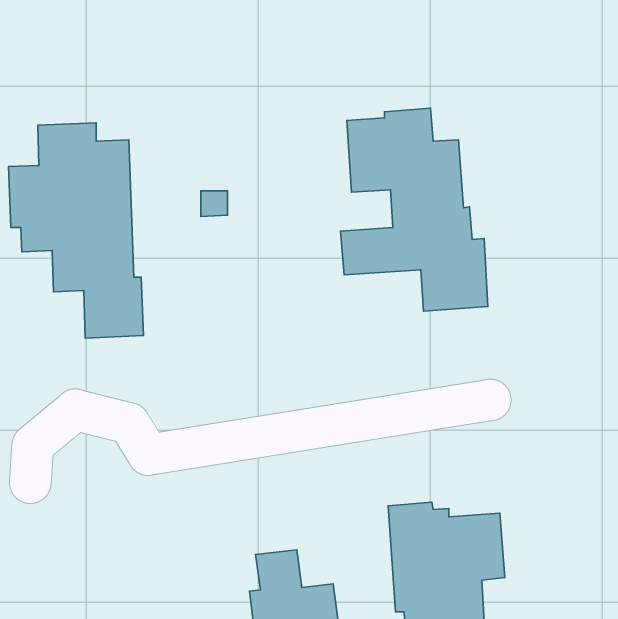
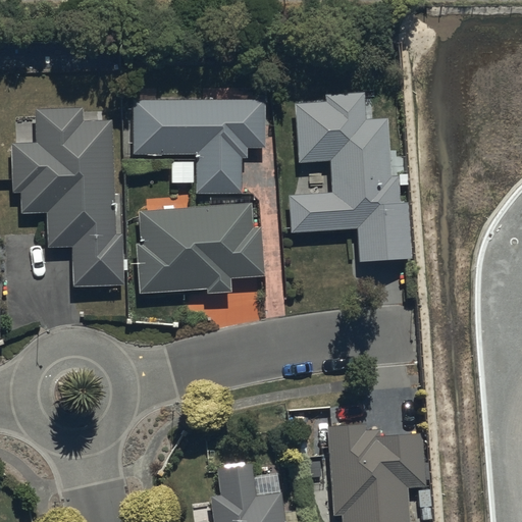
building: none -> [133,100,264,193]
building: none -> [136,203,263,294]

